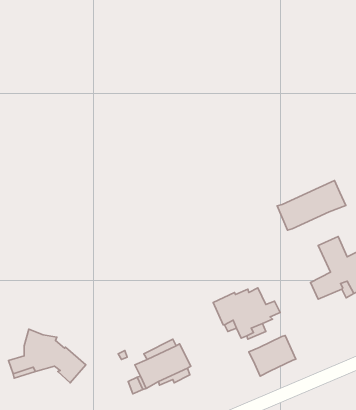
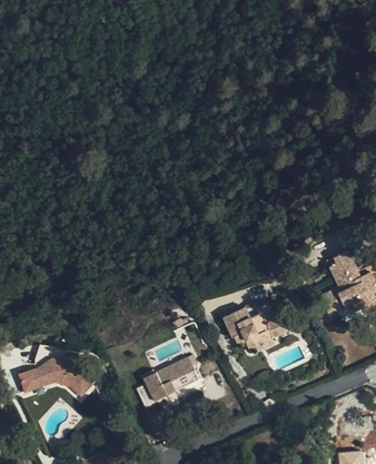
building: [277,180,346,230] -> none
building: [249,336,296,376] -> none

